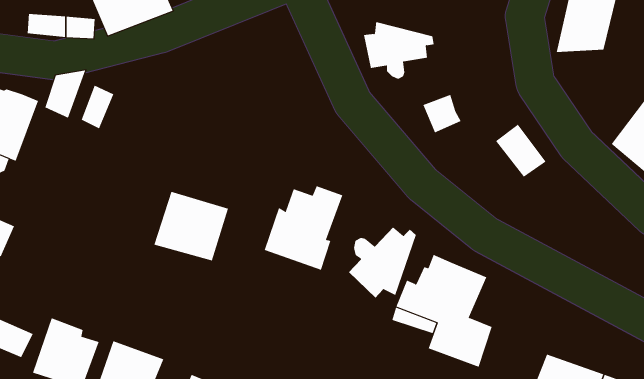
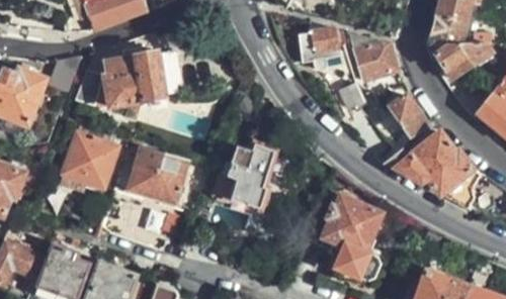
building: none -> [348,33,398,81]
building: none -> [433,41,495,79]
building: none -> [103,52,164,108]
building: none -> [65,133,118,184]
building: none -> [382,133,472,194]
building: [348,227,417,299] -> none

